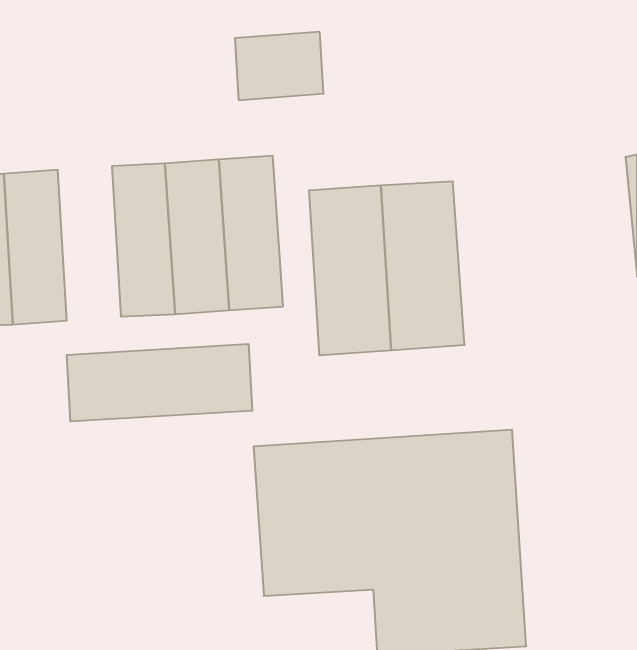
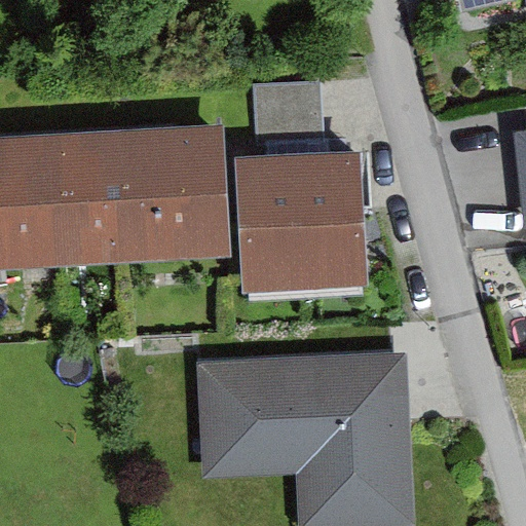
building: [235,32,324,100] -> [254,84,325,139]
building: none -> [46,139,97,262]
building: [67,344,252,422] -> none

